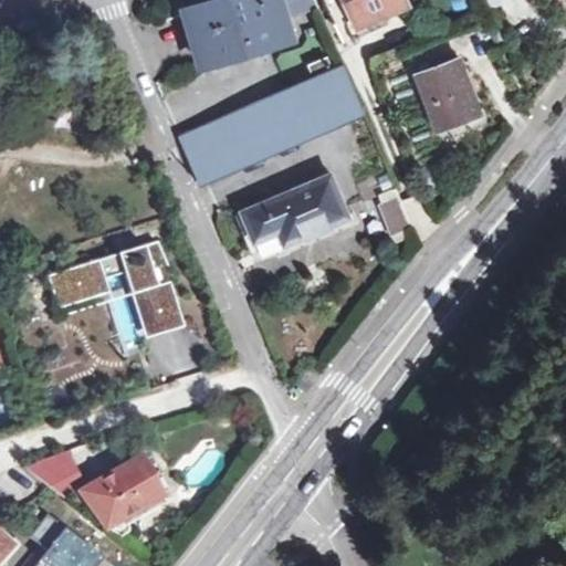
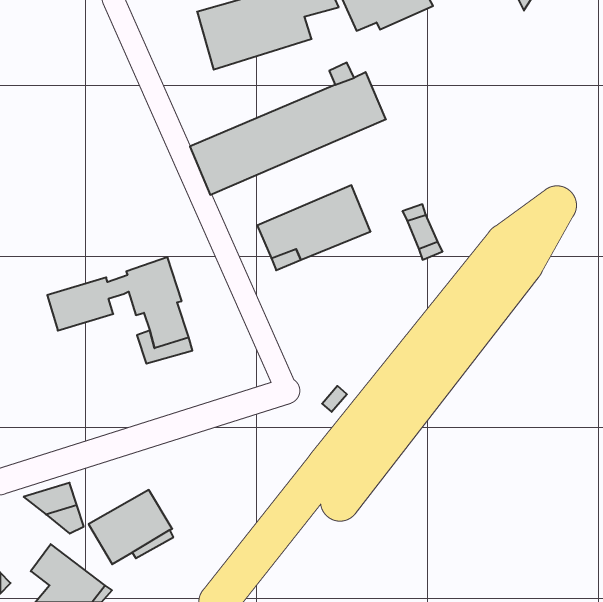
building: [417,60,480,129] -> none

